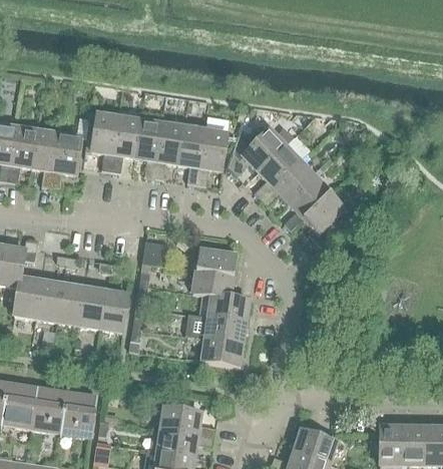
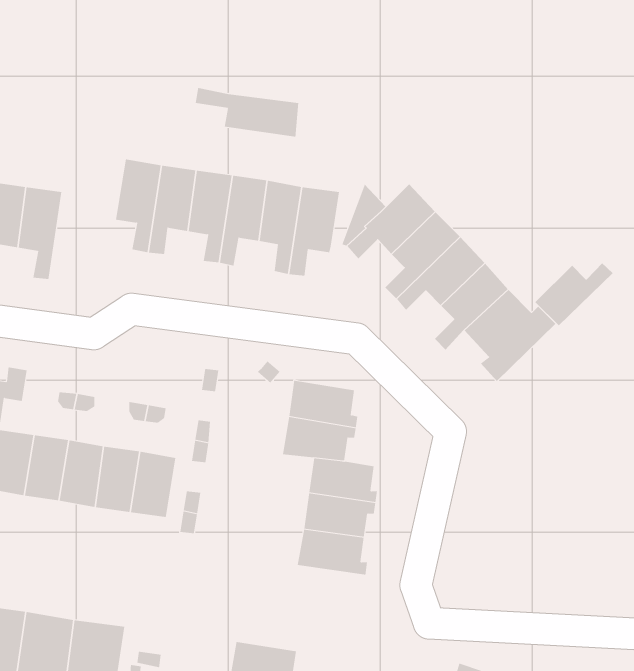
building: none -> [195,87,299,138]
building: [50,132,80,187] -> none
building: none -> [534,262,613,326]

